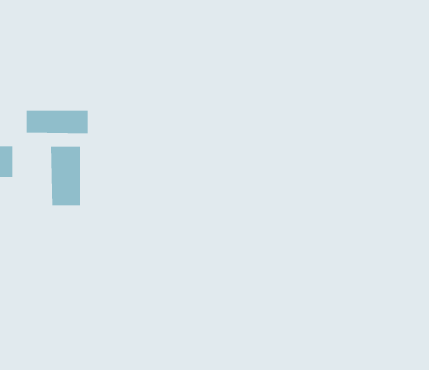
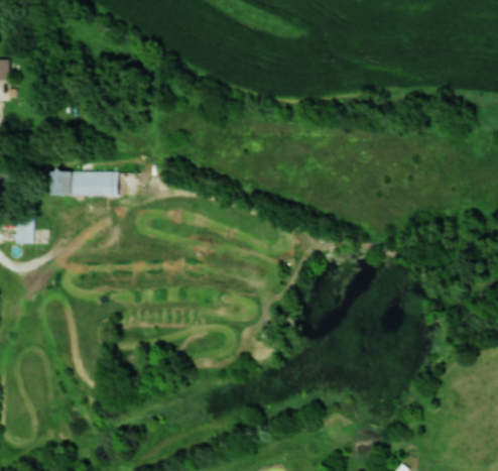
building: [51,146,81,206] -> none

